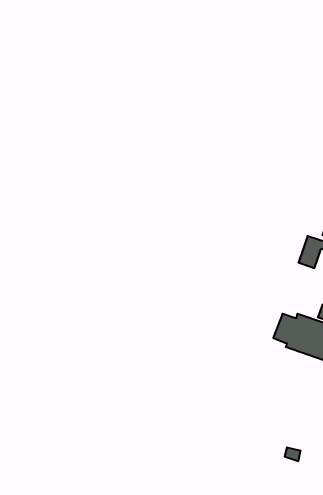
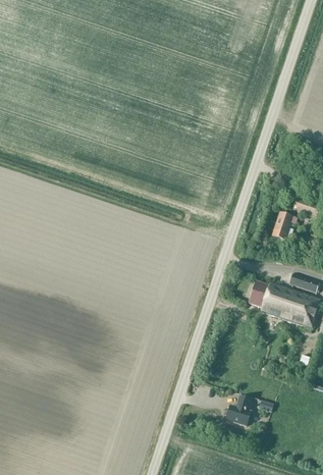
building: none -> [225,395,252,427]

